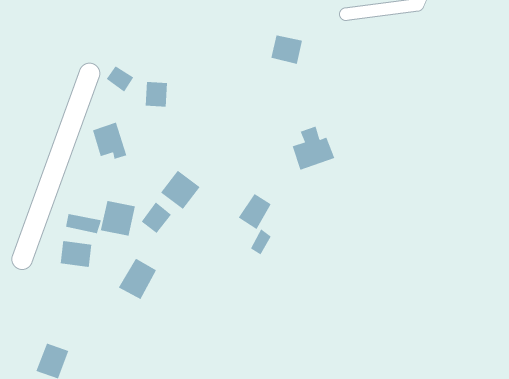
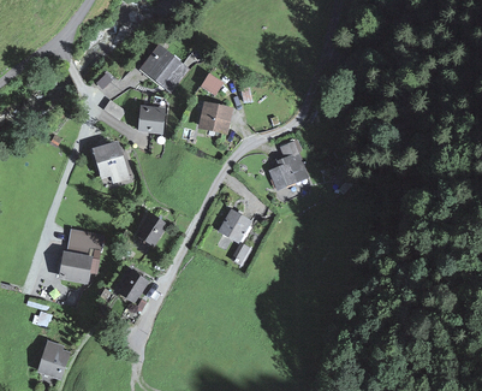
building: none -> [142,51,180,88]
building: [271,35,303,65] -> [197,106,226,132]
building: [160,170,201,210] -> none
building: [100,200,136,236] -> none

